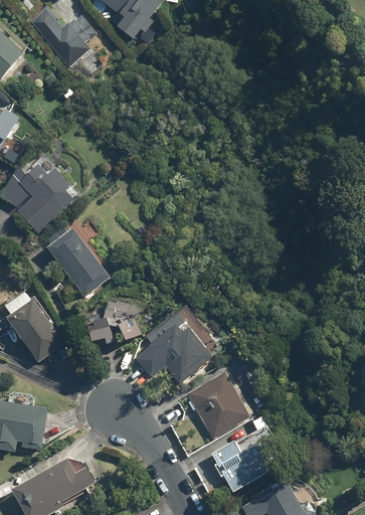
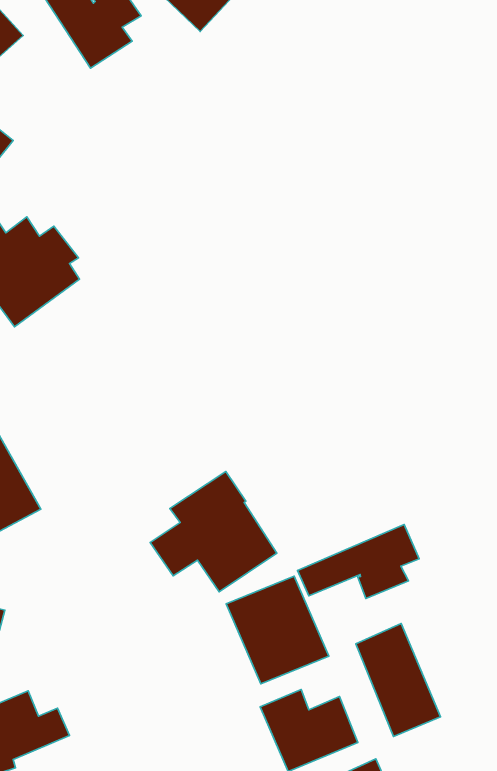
building: [46,228,110,296] -> none
building: [87,298,142,344] -> none
building: none -> [297,525,419,598]
building: none -> [356,623,440,736]

